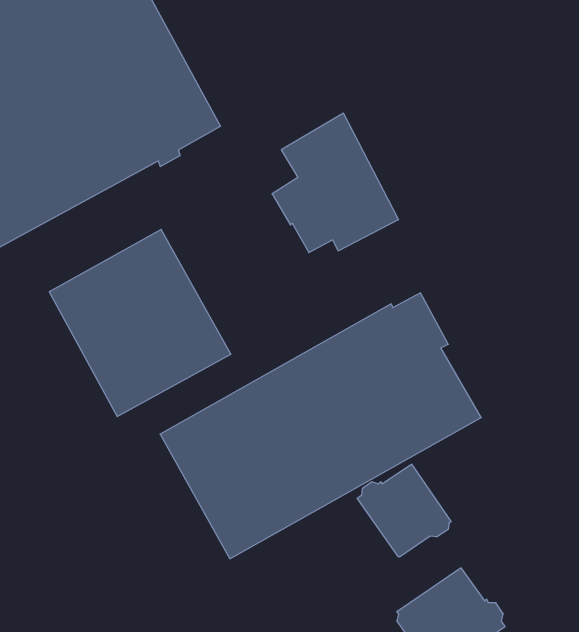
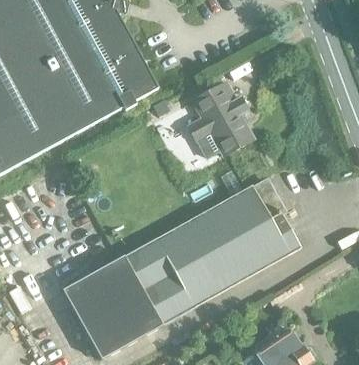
building: [49,229,231,416] -> [63,256,162,358]
building: [357,464,451,557] -> none

